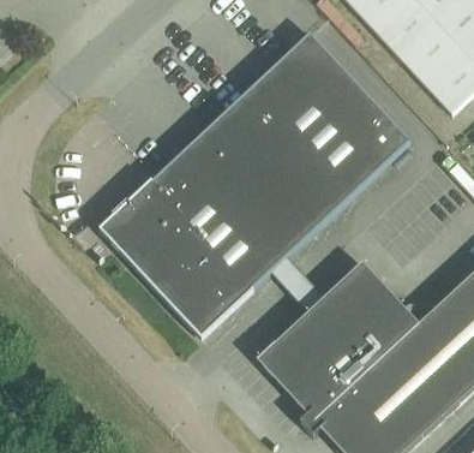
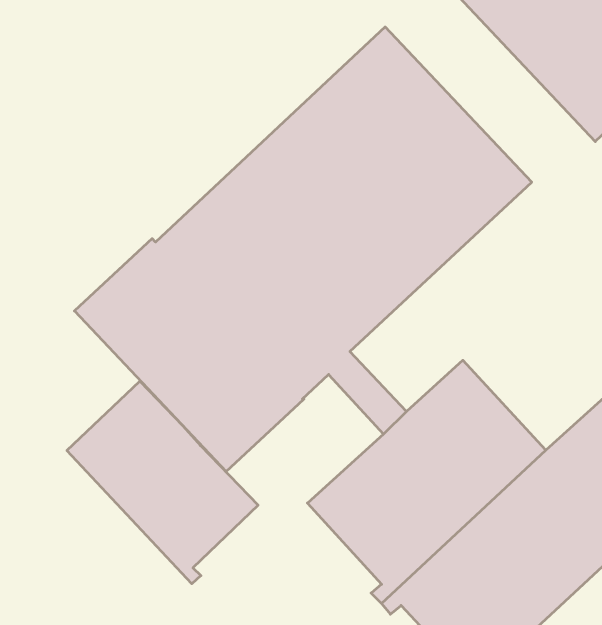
building: none -> [67,381,258,584]

